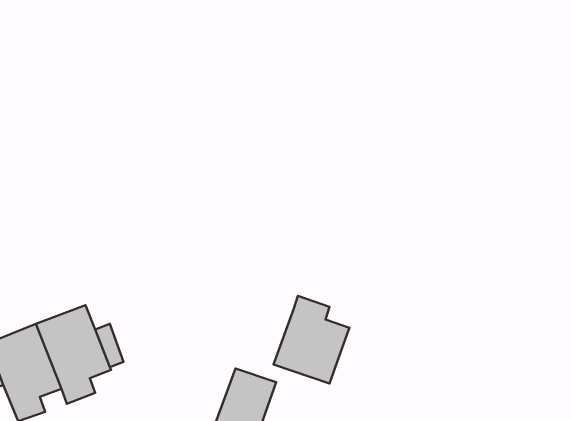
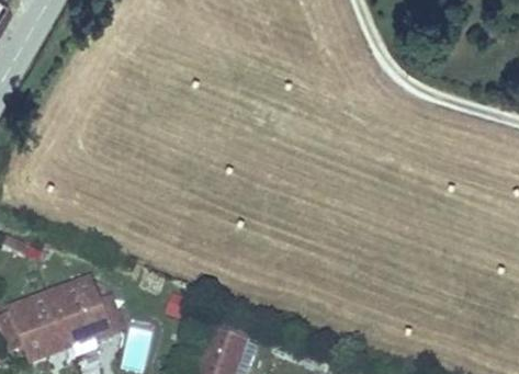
building: [274,296,350,384] -> none

